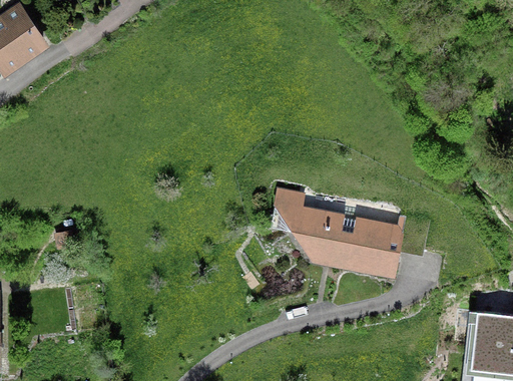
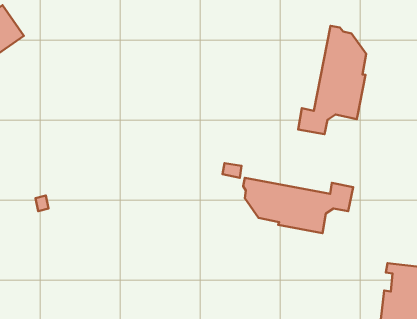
building: none -> [298,26,366,134]

